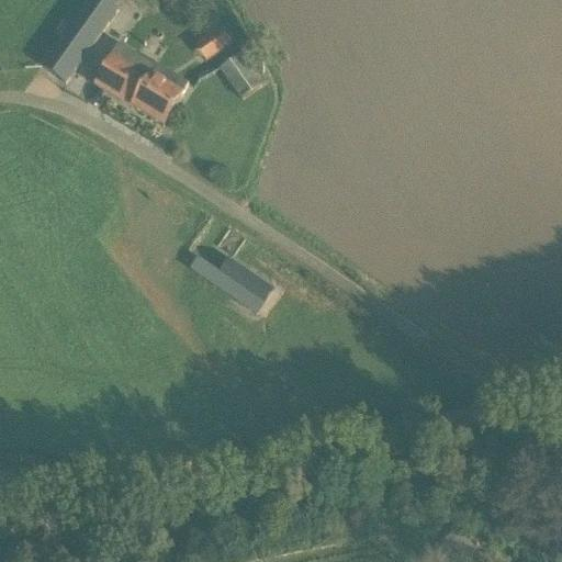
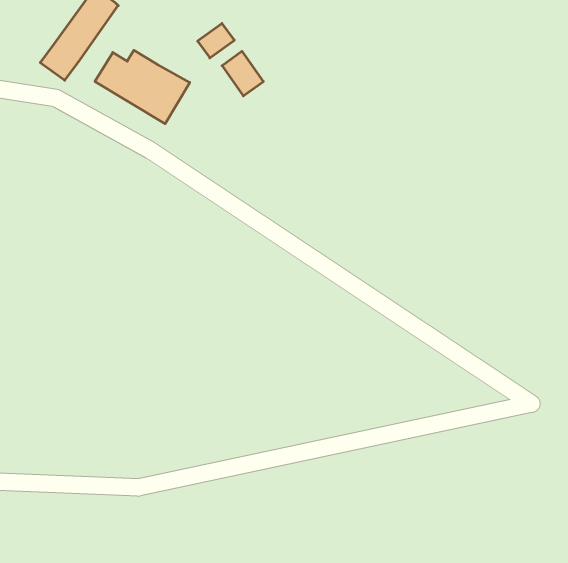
building: [190,255,271,310] -> none

